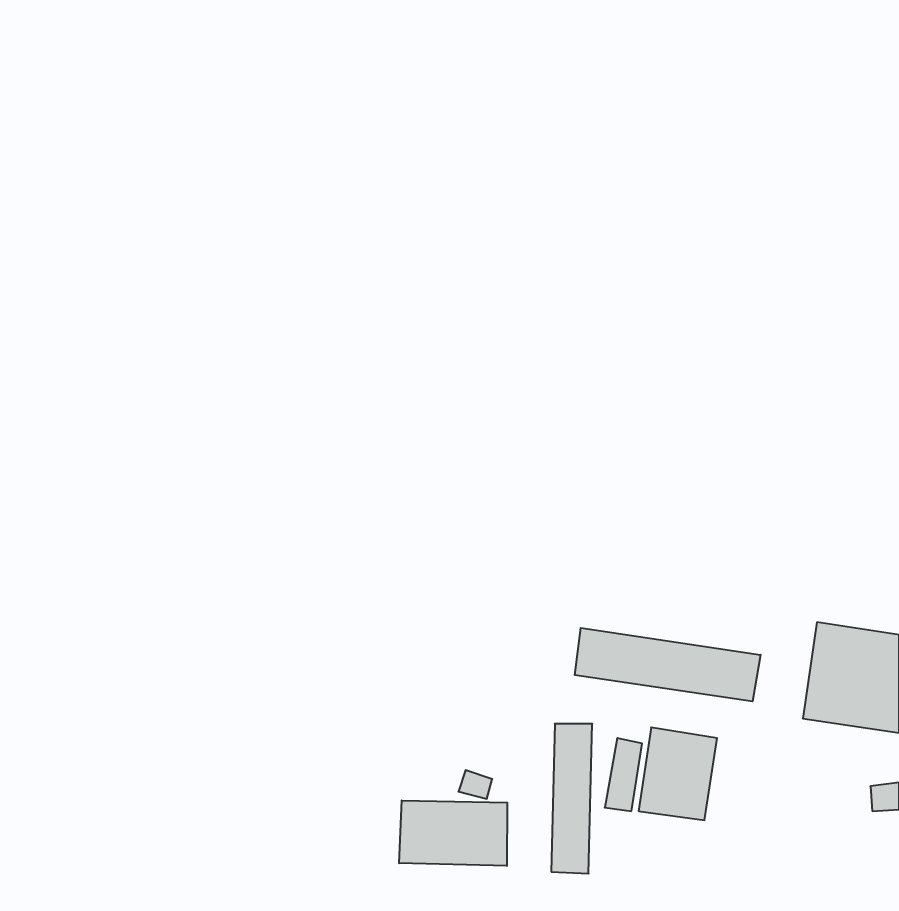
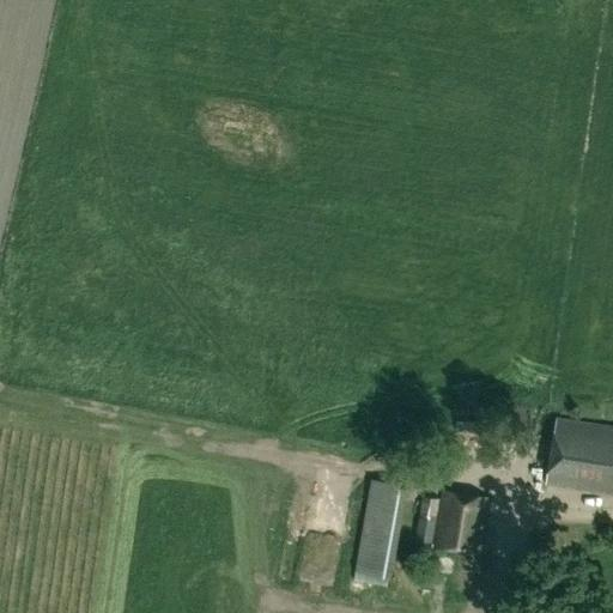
building: [575,628,761,701] -> none
building: [399,800,507,866] -> none

